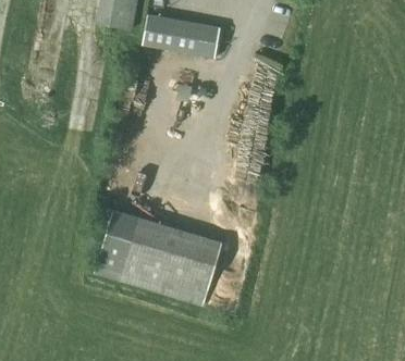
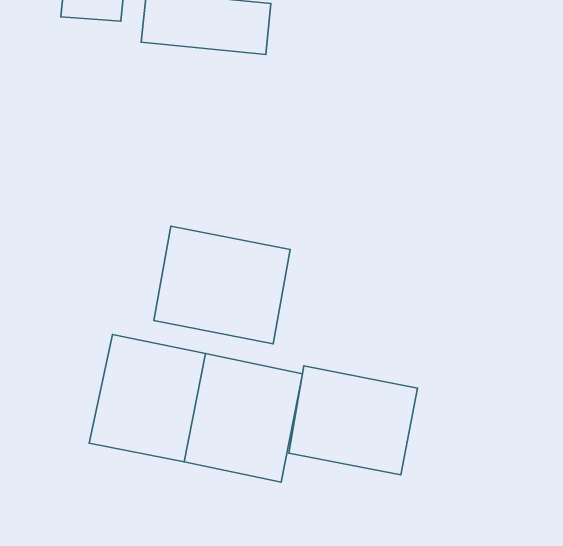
building: none -> [154,226,290,344]
building: none -> [289,366,418,475]

